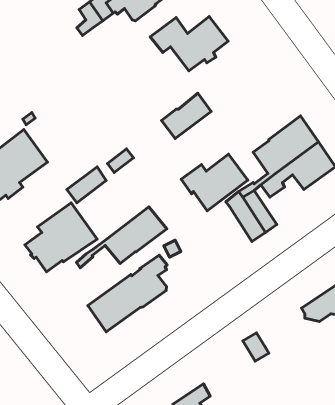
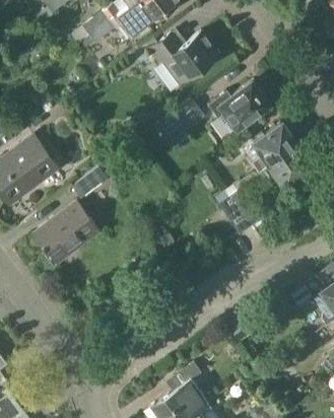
building: [181,154,248,211] -> [206,82,266,133]
building: [77,207,167,268] -> none
building: [88,255,167,332] -> none

